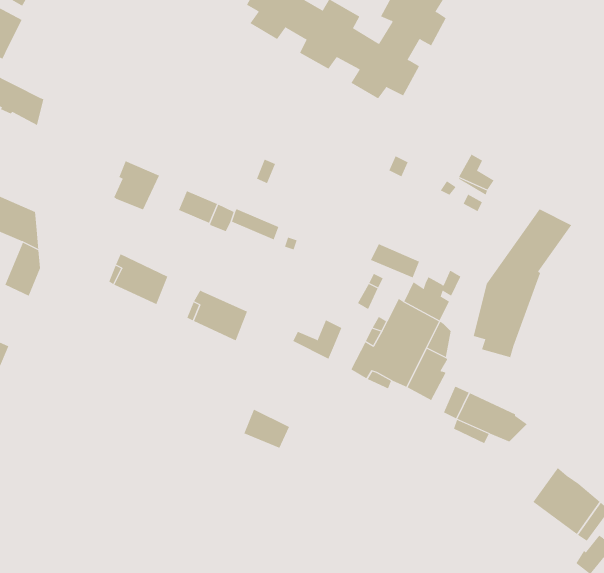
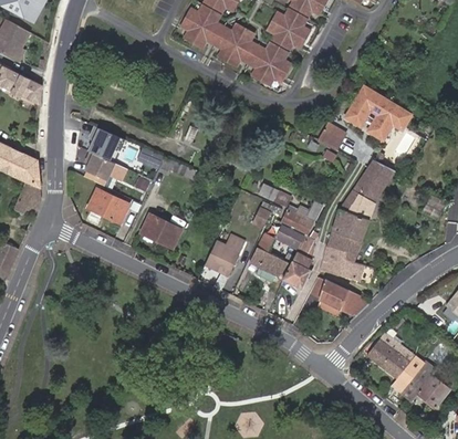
building: none -> [345,86,410,137]
building: none -> [84,153,114,181]
building: none -> [322,244,365,280]
building: [244,409,290,449] -> [201,248,232,274]

